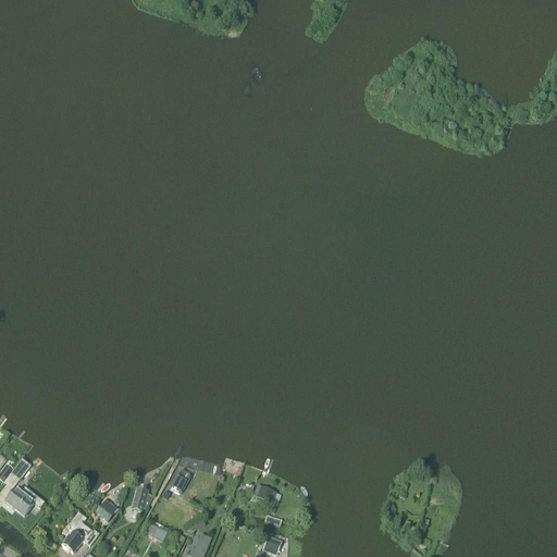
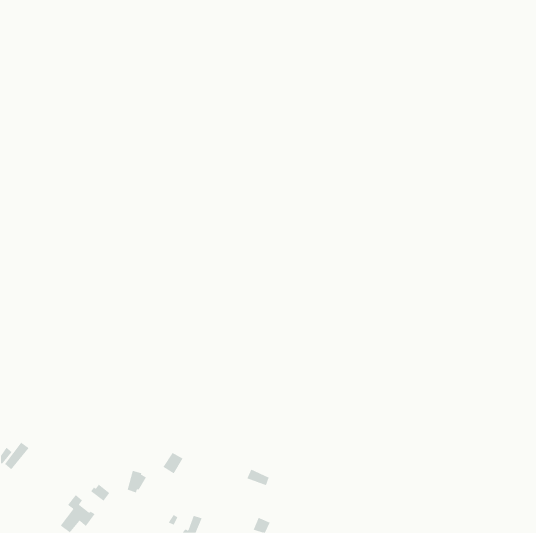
building: [5,486,44,516] -> none

